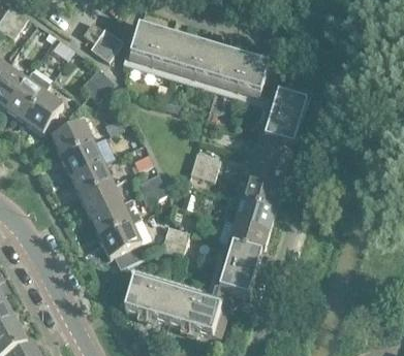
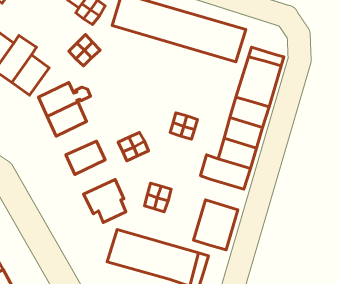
building: [70,161,113,196] -> none
building: [90,201,132,237] -> none
building: [217,219,268,254] -> none

